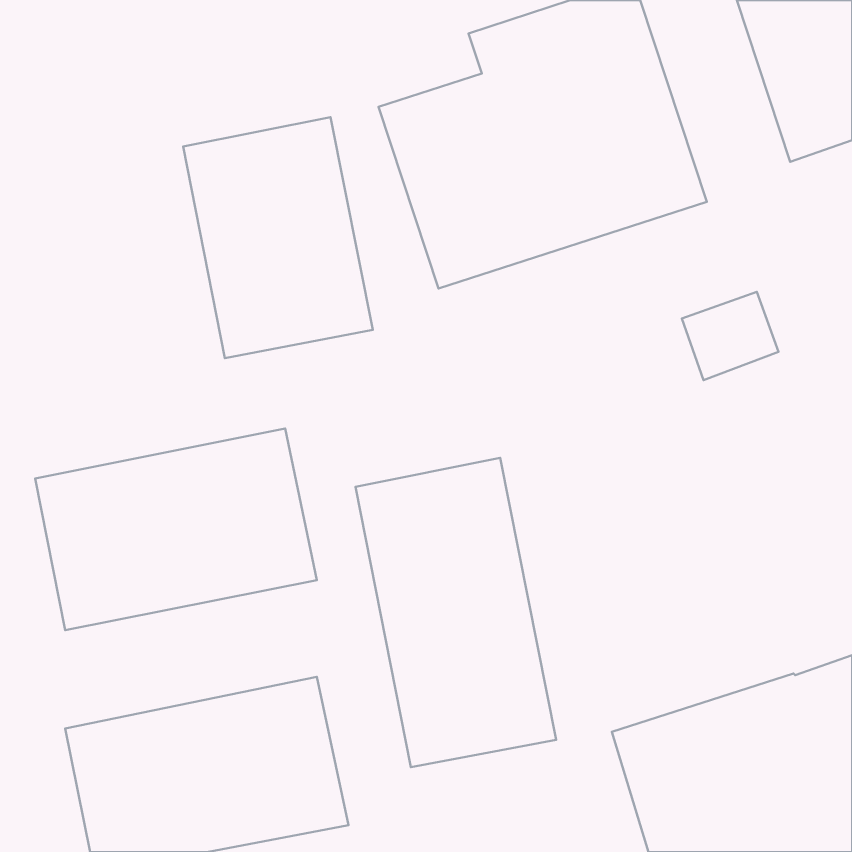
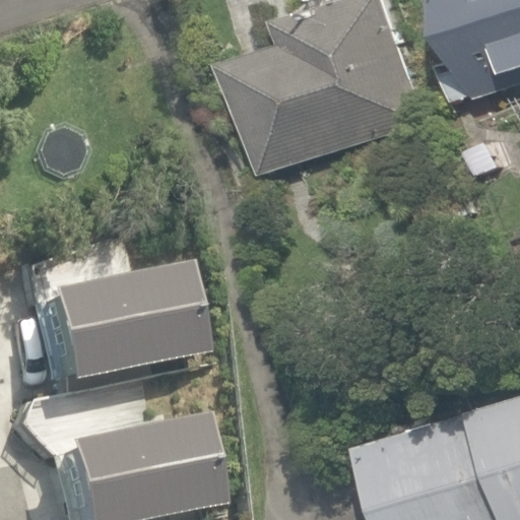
building: [183,117,373,358] -> none
building: [355,458,556,767] -> none

